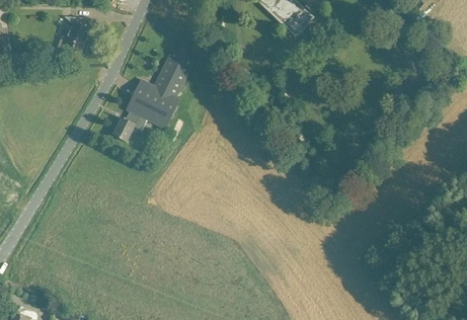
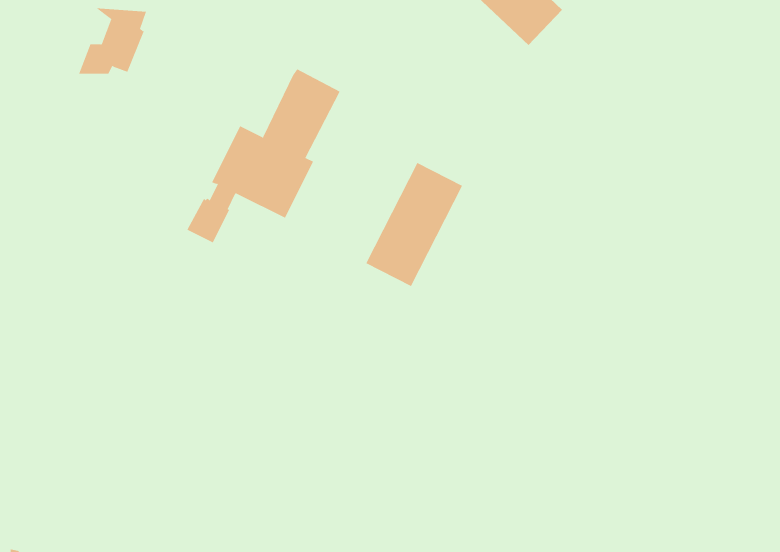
building: none -> [365,162,463,287]

